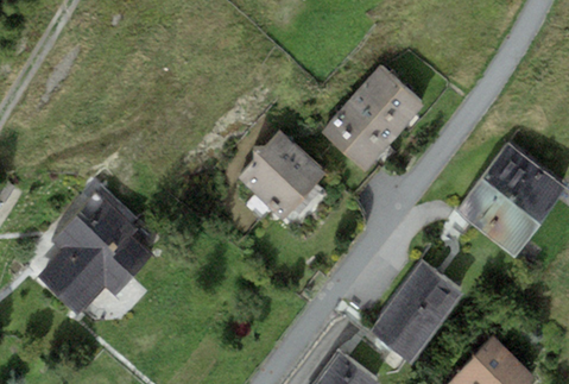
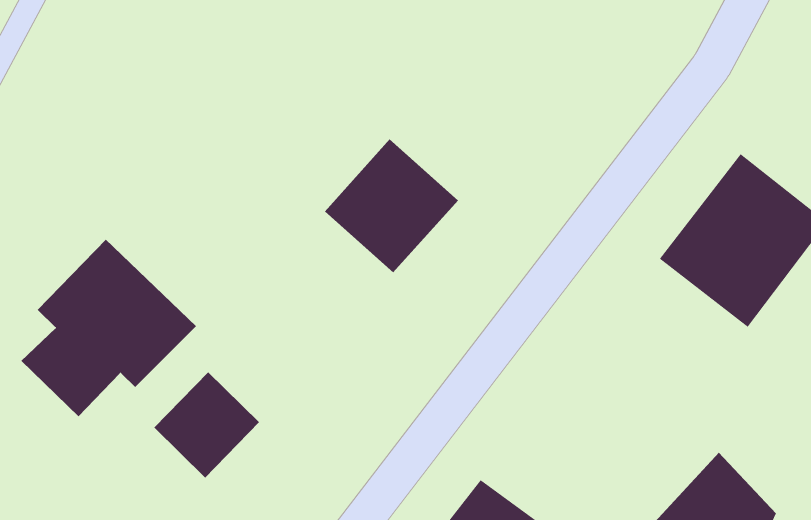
building: [323,68,423,170] -> none
building: [371,260,466,361] -> none
building: none -> [153,371,260,478]

